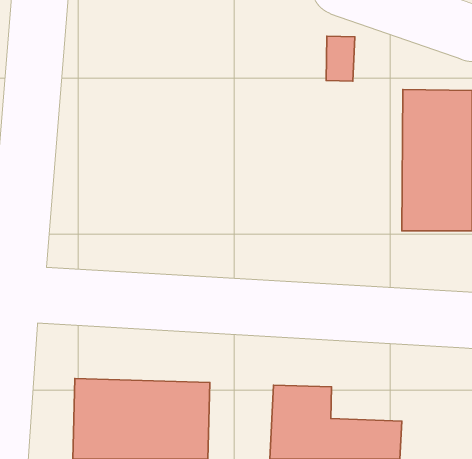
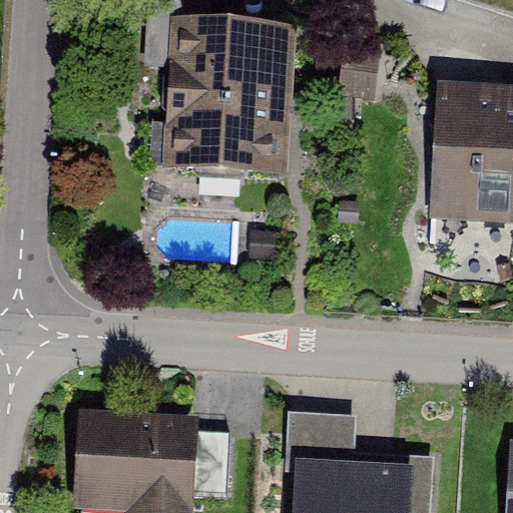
building: none -> [152,16,283,175]

